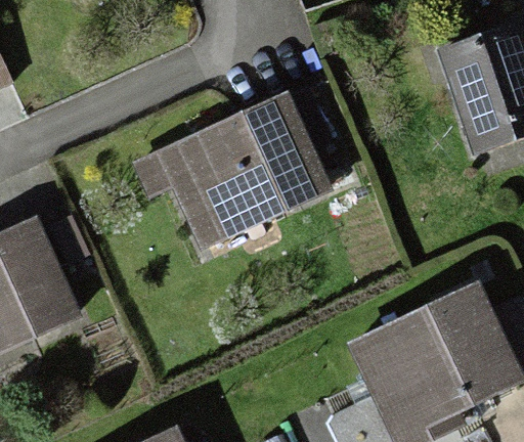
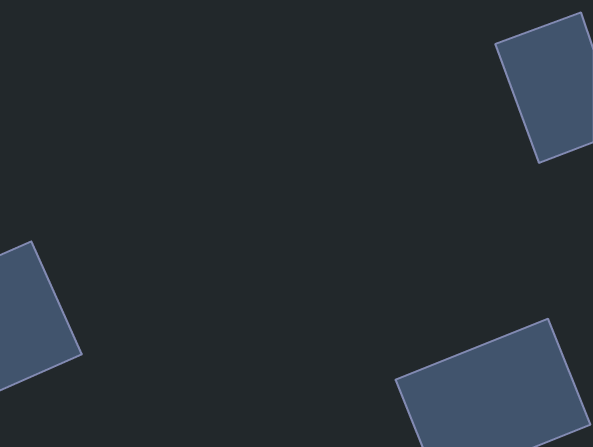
building: [158,97,328,248] -> none

